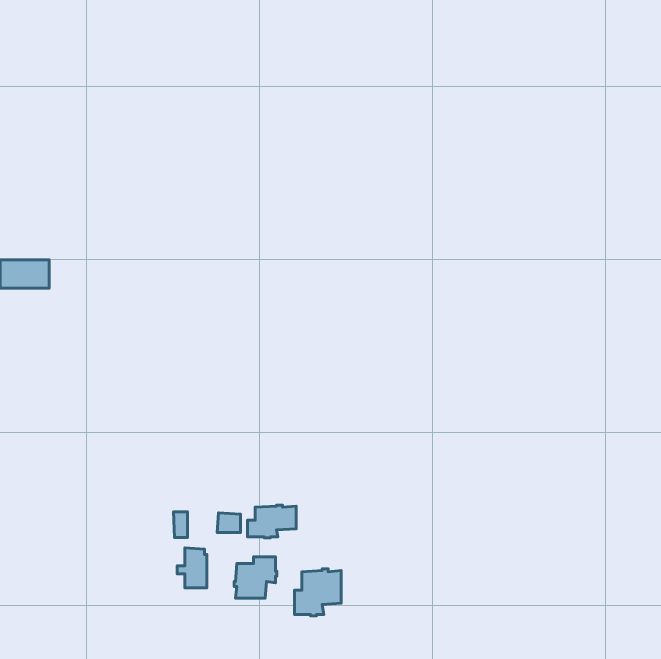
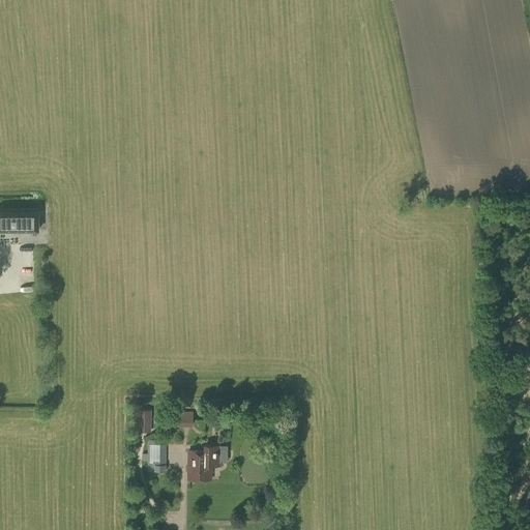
building: [248,505,296,538] -> none
building: [295,569,341,616] -> none

